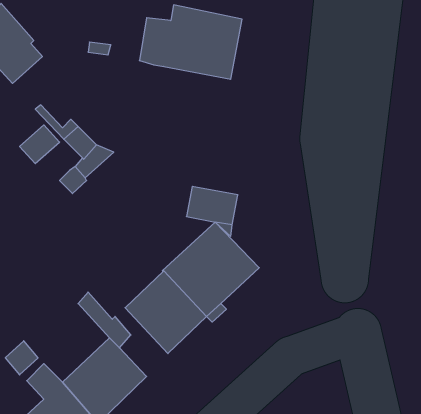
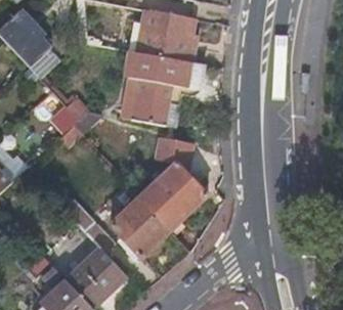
building: none -> [119,52,205,128]

